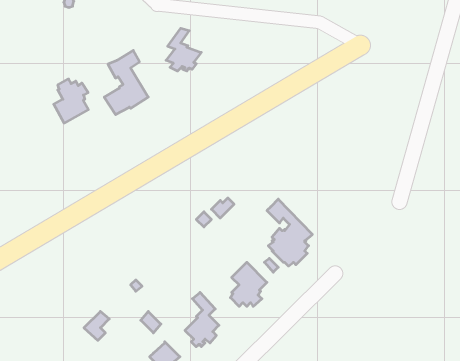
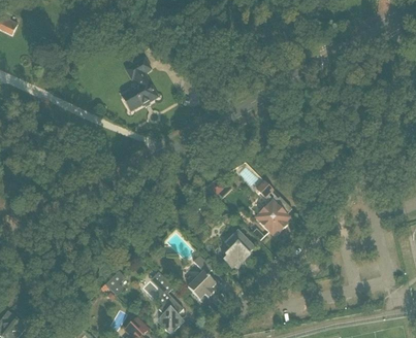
building: [166,28,201,71] -> none
building: [54,79,88,123] -> none

